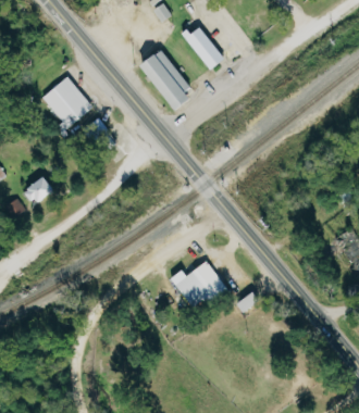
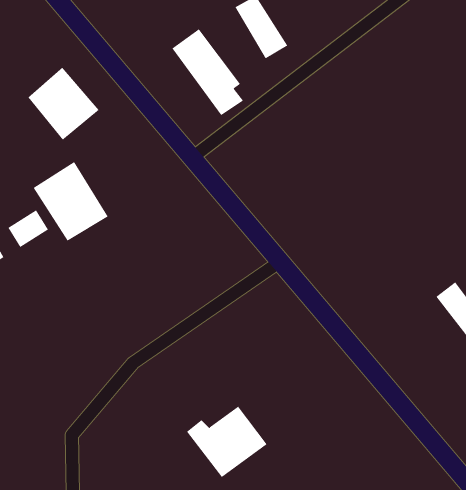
building: none -> [33,161,108,242]
building: [163,259,221,310] -> [186,406,268,478]

